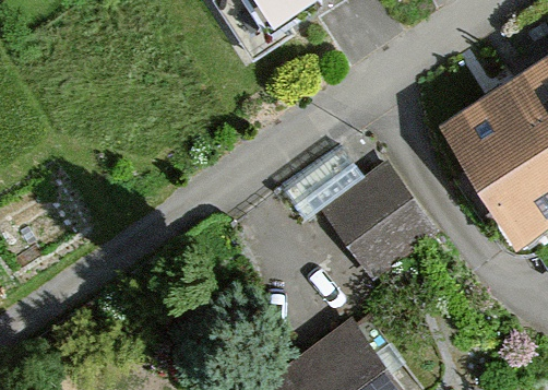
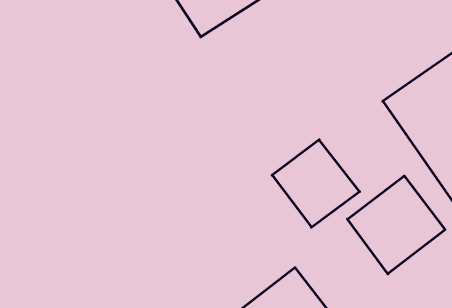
building: none -> [347,176,445,274]

